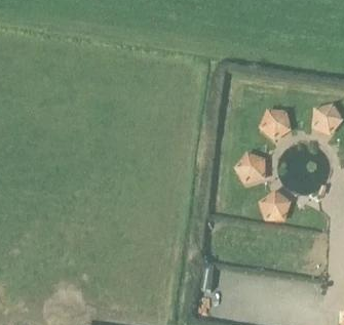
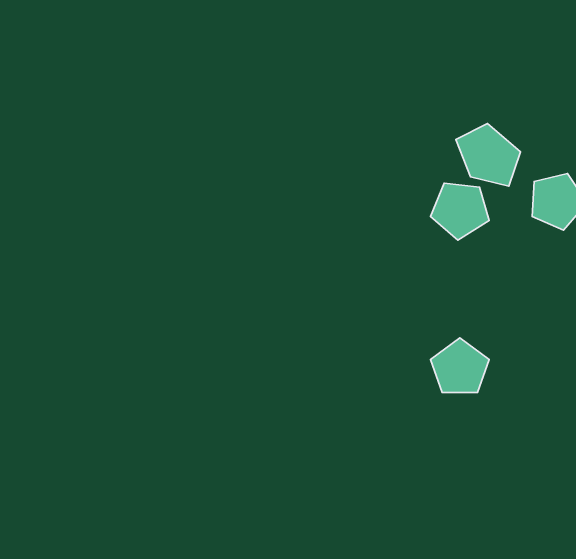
building: none -> [456,124,520,186]
building: [236,152,265,181] -> none

